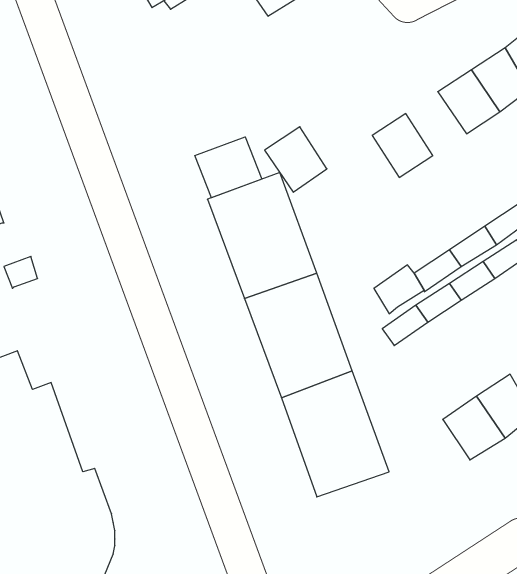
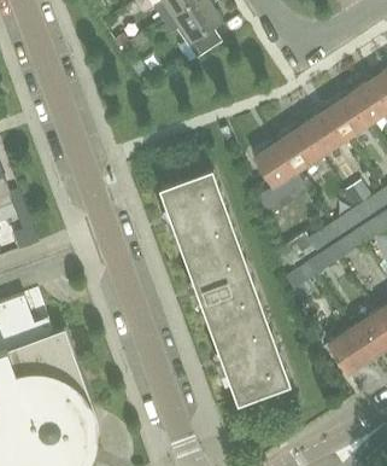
building: none -> [300,109,344,155]
building: [265,127,327,192] -> [251,140,295,187]
building: [195,137,262,198] -> none

